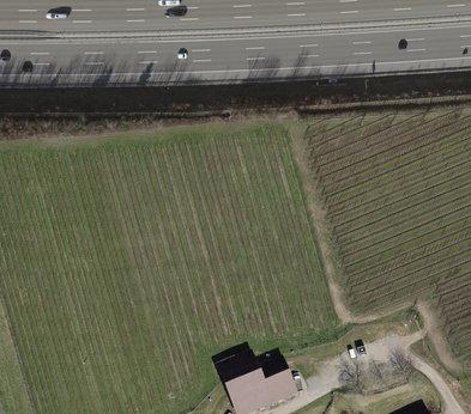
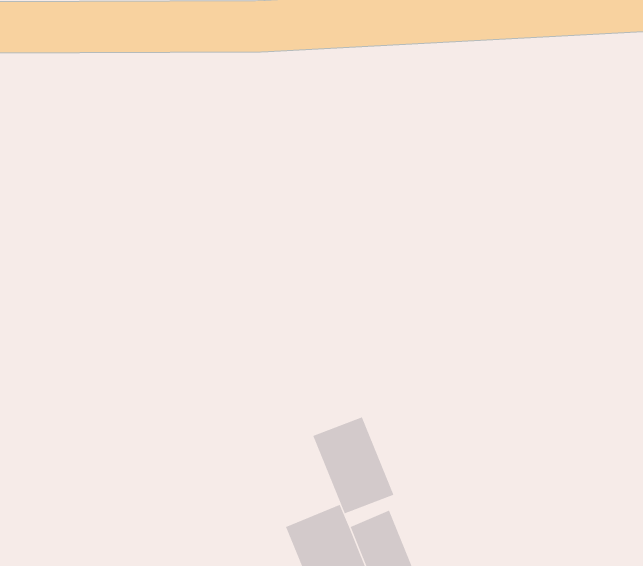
building: none -> [312,417,394,514]

